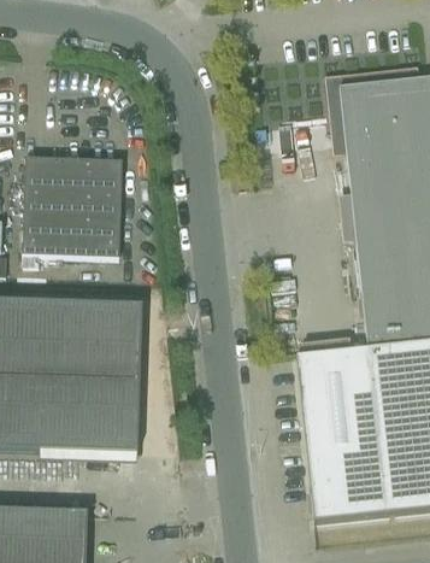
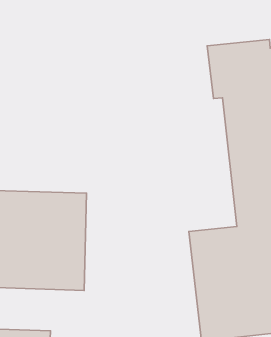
building: [22,159,122,259] -> none

